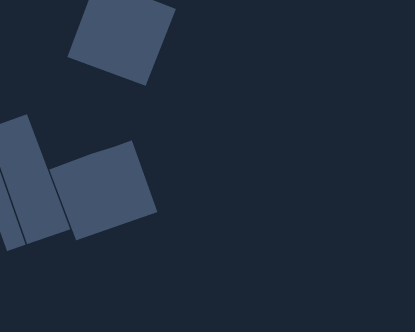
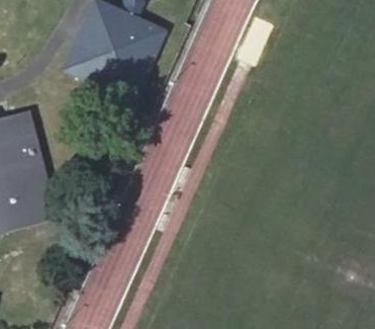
building: [49,139,158,241] -> none

